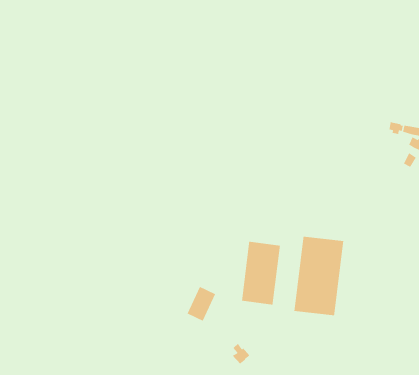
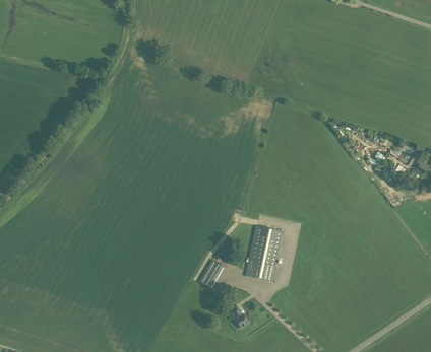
building: [294,236,344,316] -> none

